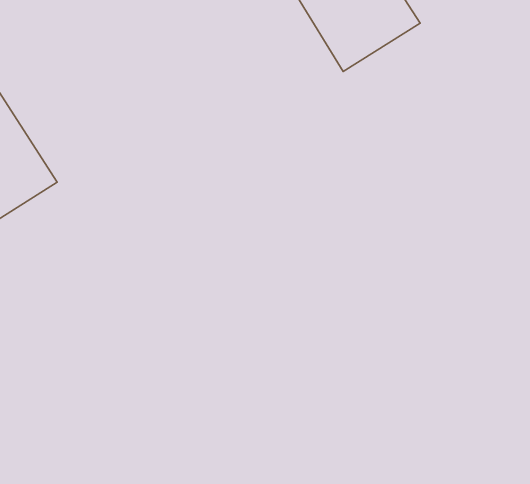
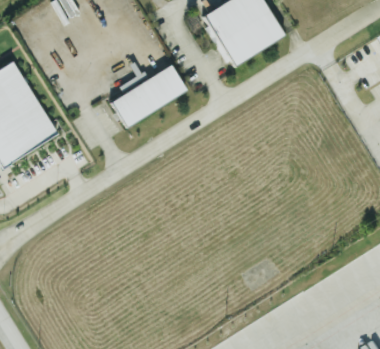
building: none -> [109,67,183,128]

